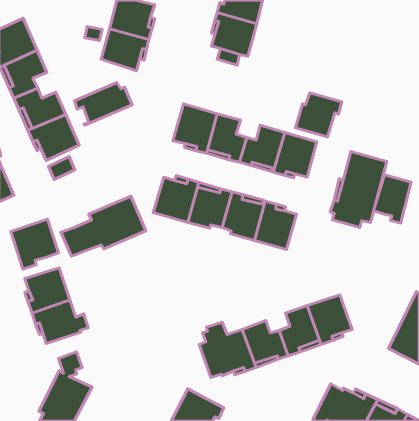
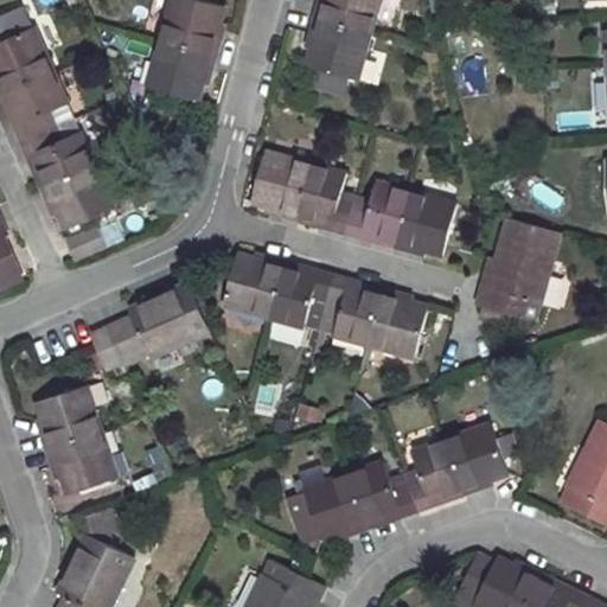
building: [74,82,132,125] -> none
building: [296,93,342,137] -> none
building: [374,175,411,223] -> none
building: [11,219,59,269] -> none

